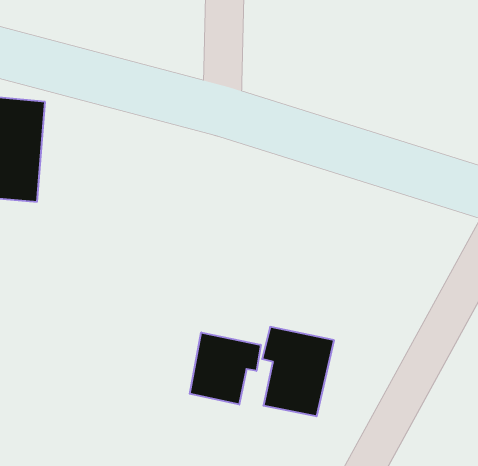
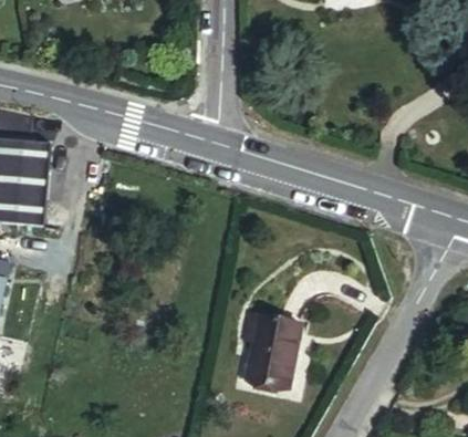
building: [190,332,261,405] -> none

